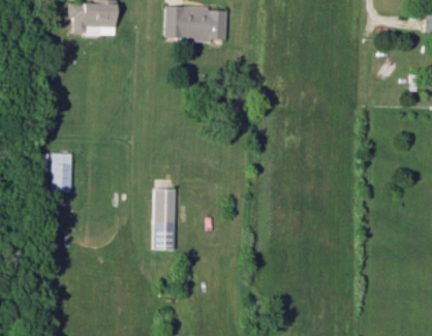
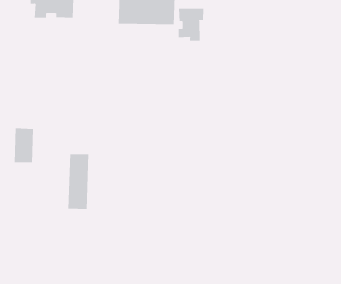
building: none -> [178,8,204,41]
building: [153,188,177,249] -> [68,154,89,210]

